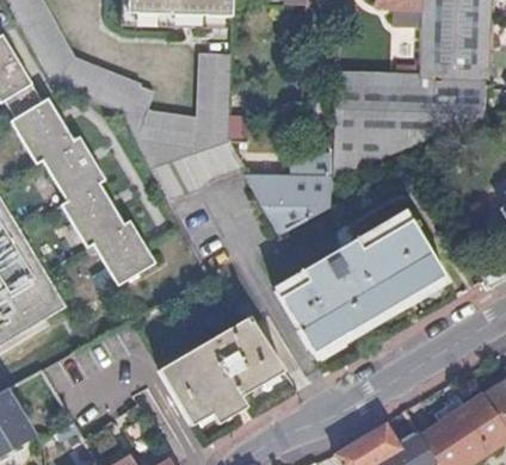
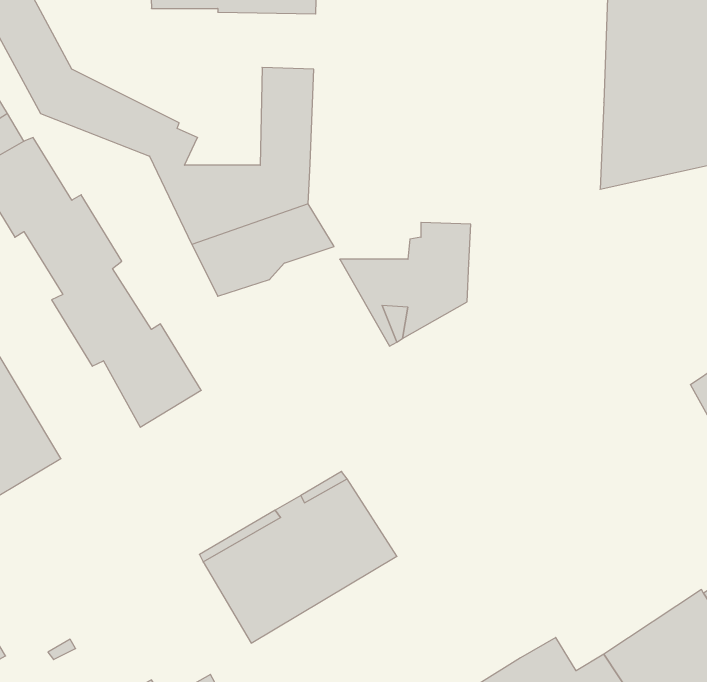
building: [331,74,418,180] -> none
building: [276,212,445,352] -> none

